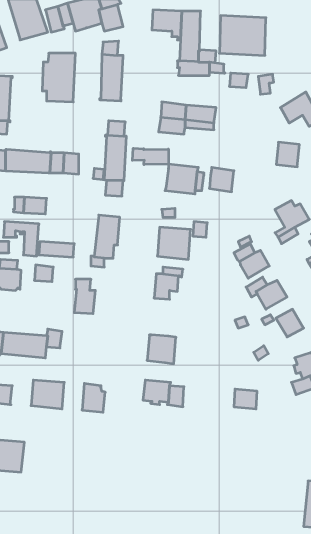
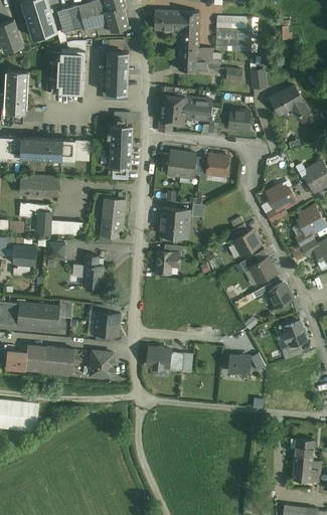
building: [276,142,299,167] -> [227,109,249,131]
building: [132,148,168,165] -> none
building: [147,335,176,364] -> [93,311,119,337]
building: none -> [24,345,45,370]

